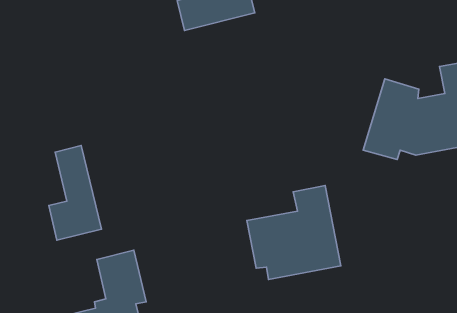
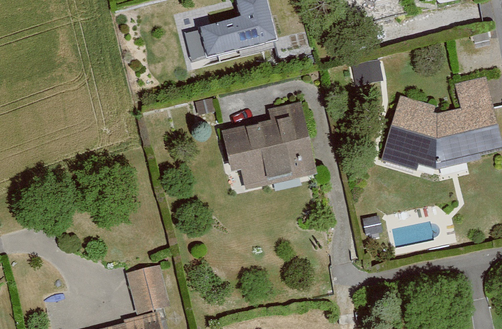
building: [49,145,101,240] -> none
building: [247,185,341,279] -> [225,97,316,188]

